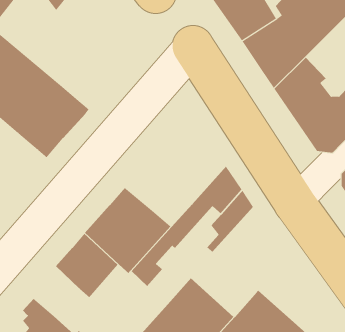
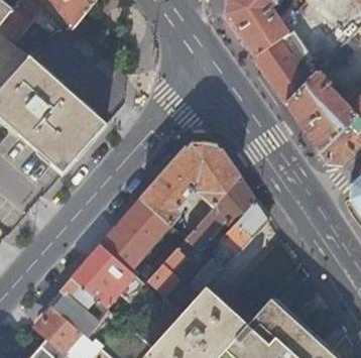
building: none -> [140,142,239,223]
building: none -> [51,275,96,324]

